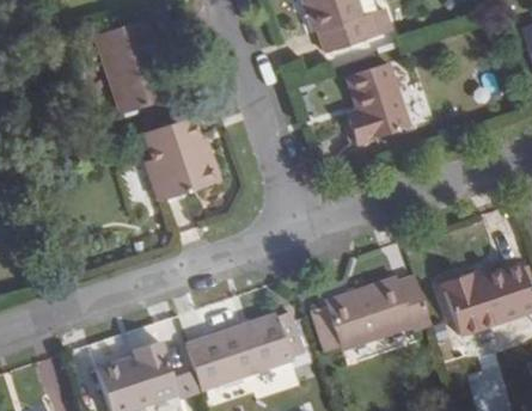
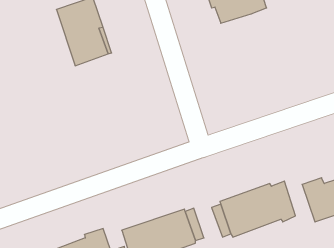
building: [346,61,408,143] -> none
building: [142,116,218,201] -> none

